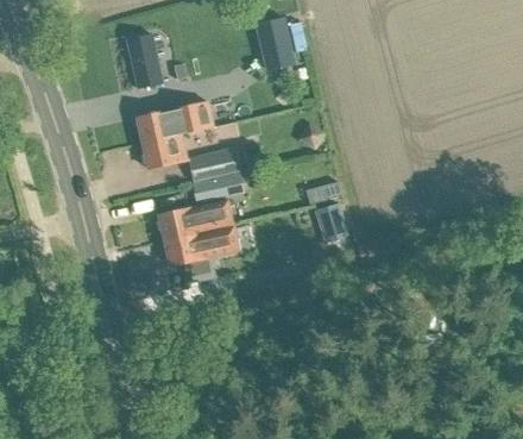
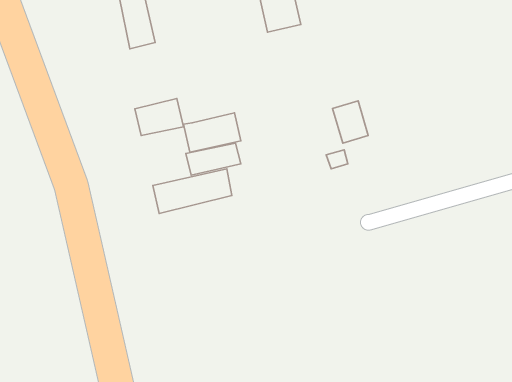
building: [137,100,215,143] -> none
building: [311,205,345,244] -> [333,101,368,143]
building: [165,224,239,265] -> none

